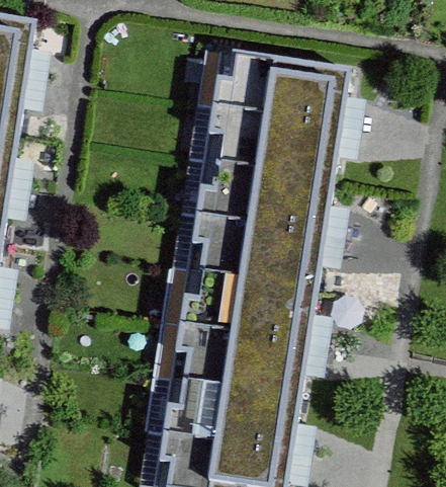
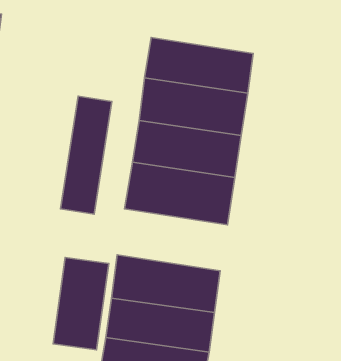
building: none -> [61,96,112,214]
building: [164,268,302,346] -> none
building: none -> [53,258,109,350]

